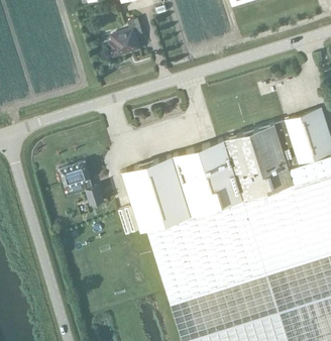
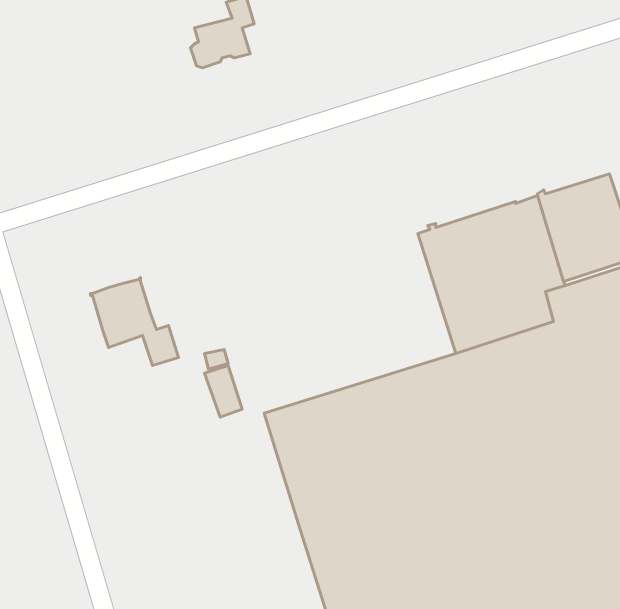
building: [122,141,244,234] -> none

